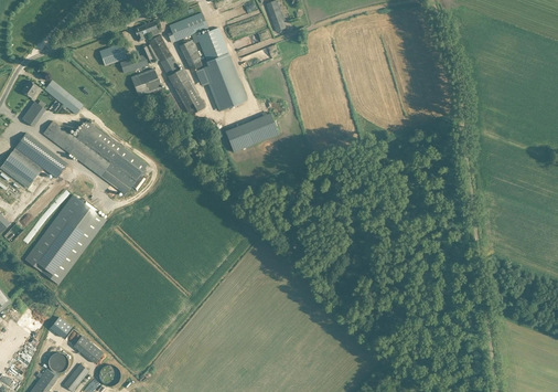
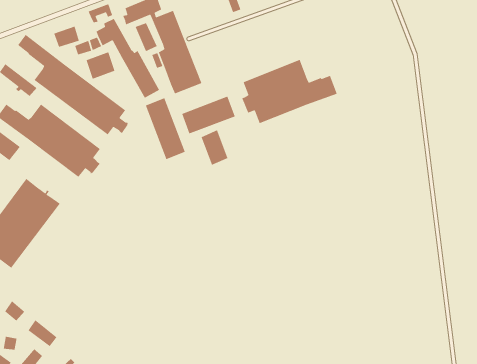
building: none -> [17,34,129,136]
building: none -> [241,59,338,124]
building: none -> [145,97,186,160]
building: none -> [200,129,228,166]

